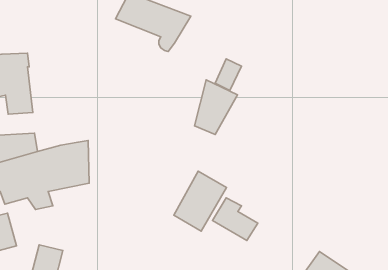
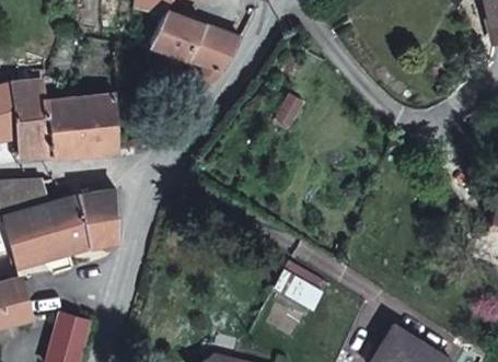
building: none -> [44,95,117,155]
building: [195,80,238,134] -> none
building: [174,171,226,231] -> none

